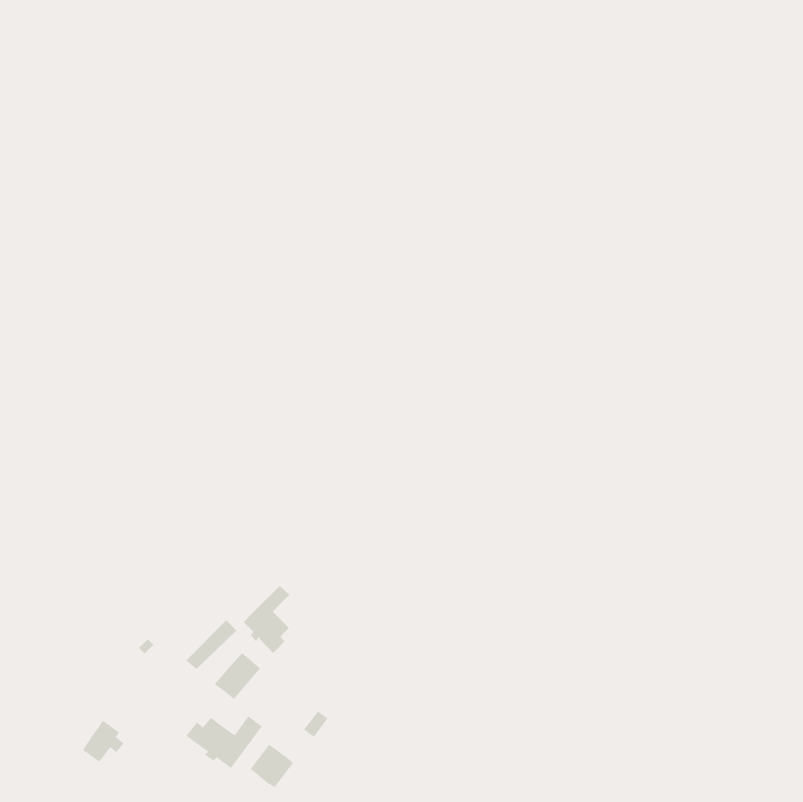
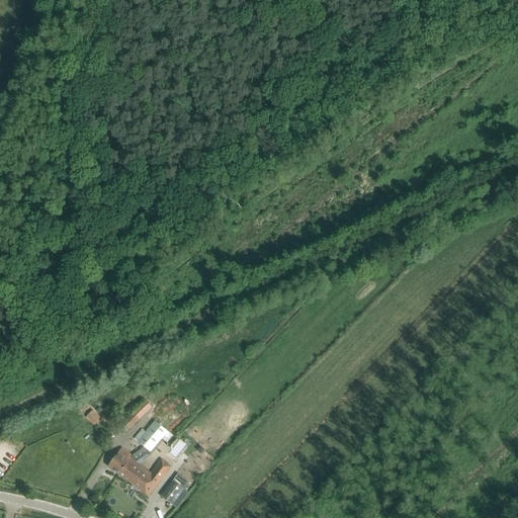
building: [243,585,290,654] -> none
building: [82,720,124,762] -> [108,446,136,473]

